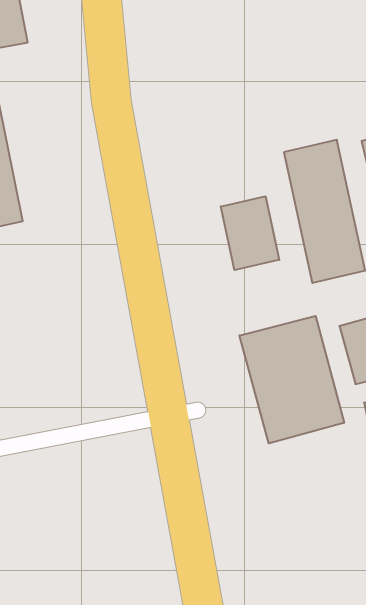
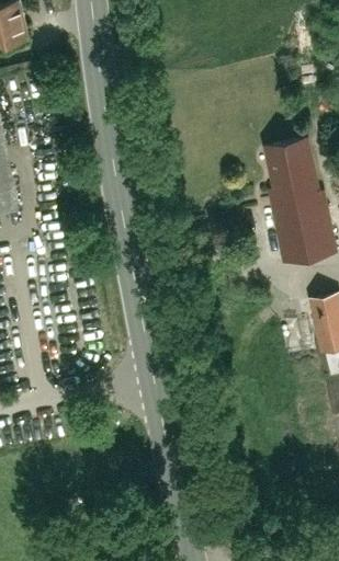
building: [221,196,279,270] -> none
building: [239,316,344,443] -> none

